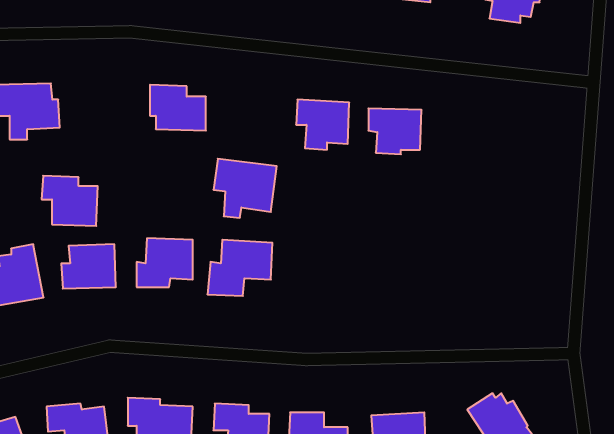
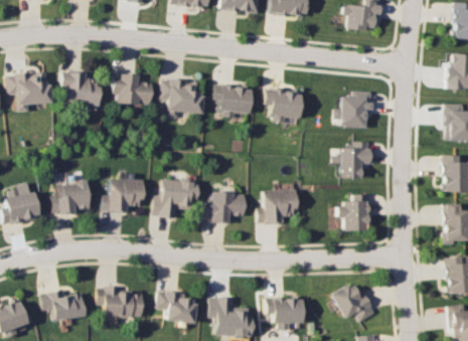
building: none -> [332,91,370,126]
building: [213,159,277,218] -> [160,77,203,118]
building: [42,176,98,226] -> [61,71,100,106]
building: none -> [338,144,369,177]
building: none -> [257,189,295,223]
building: none -> [205,191,246,222]
building: none -> [336,194,367,230]

